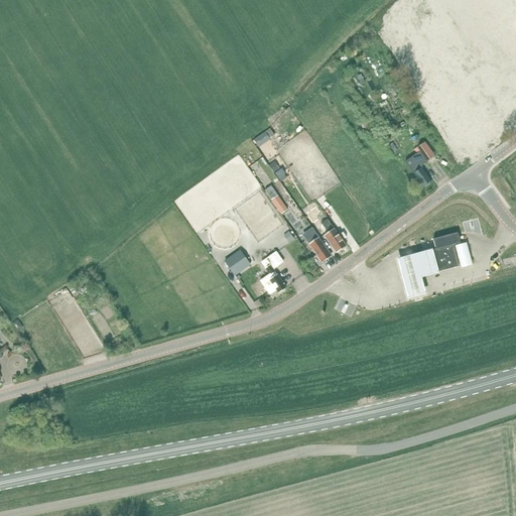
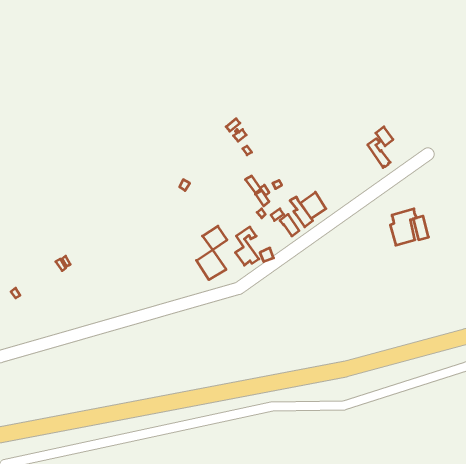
building: none -> [300,192,326,218]
building: [397,249,437,296] -> none
building: none -> [196,250,226,280]

